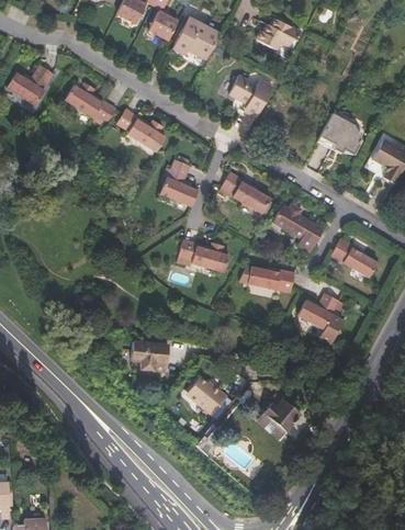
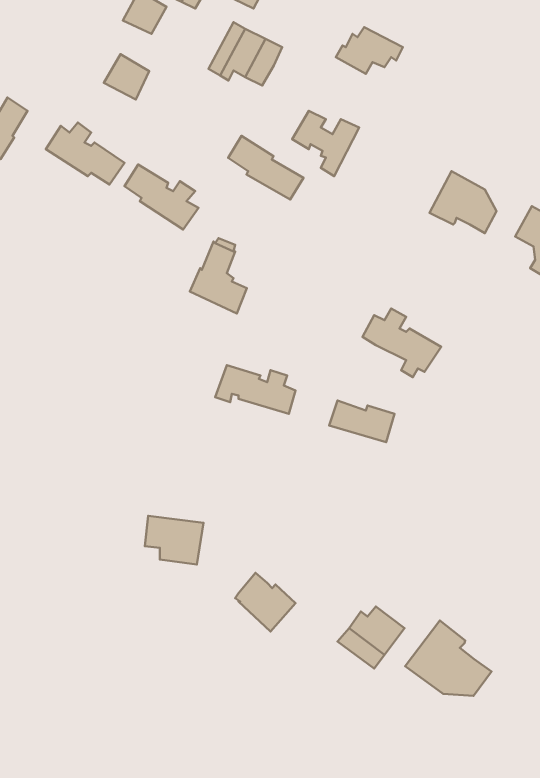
building: [147,11,177,41] -> [104,54,149,100]
building: [222,171,271,213] -> [228,136,304,200]
building: [331,236,378,275] -> none
building: [297,294,345,345] -> none
building: none -> [405,621,491,696]

